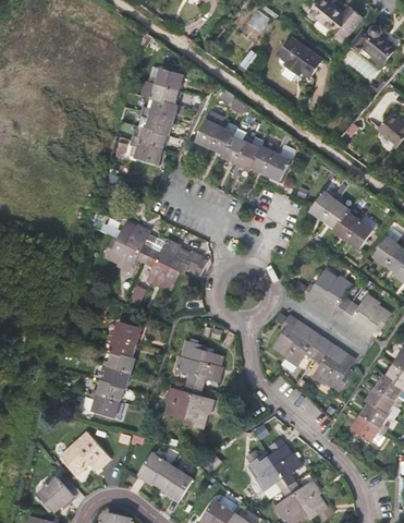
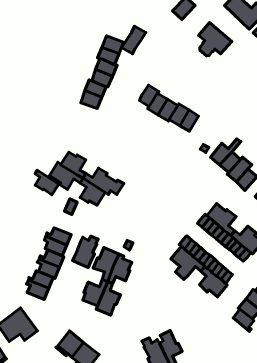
building: [196,111,225,147] -> [121,26,146,54]
building: none -> [35,170,59,195]
building: none -> [73,236,98,267]
building: [353,414,384,445] -> none

